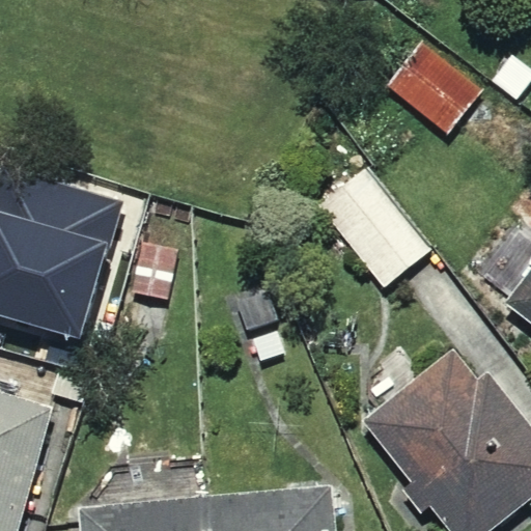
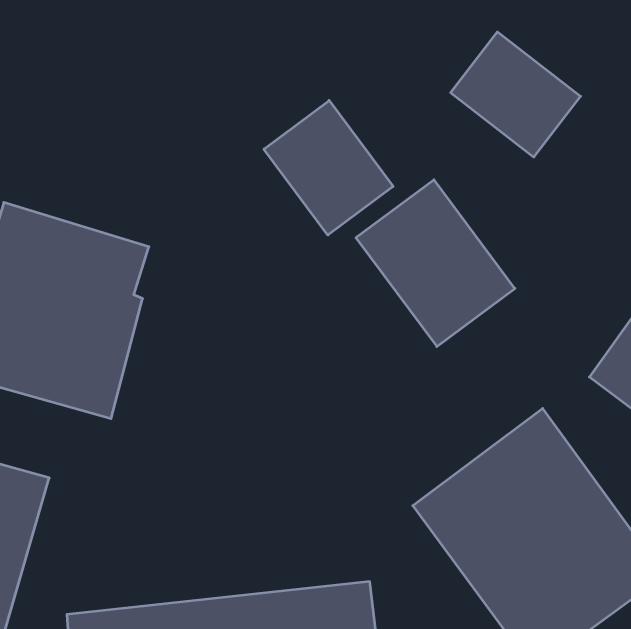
building: none -> [264,100,393,235]

